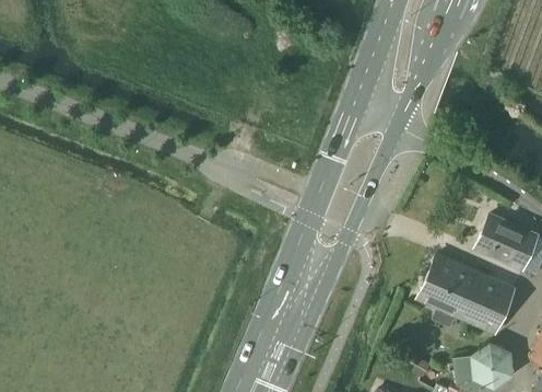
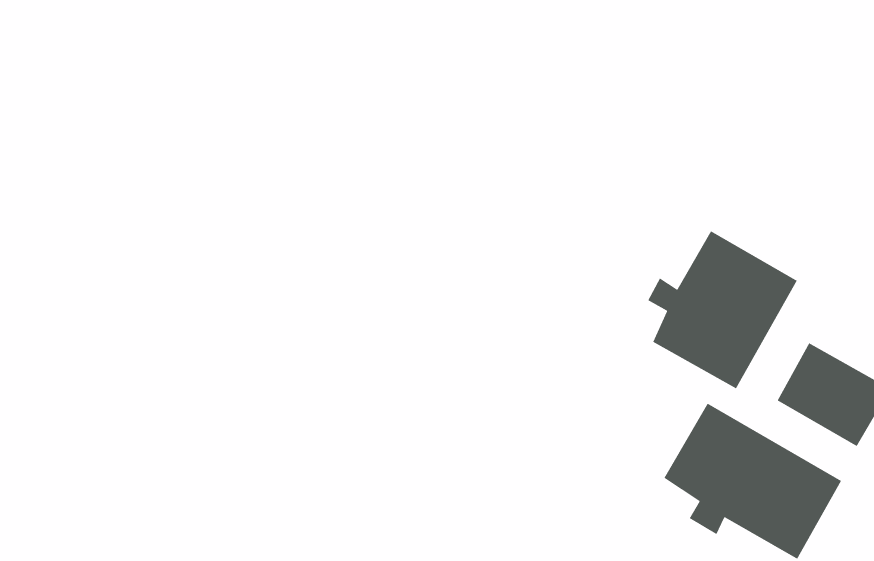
building: none -> [648,231,798,389]

